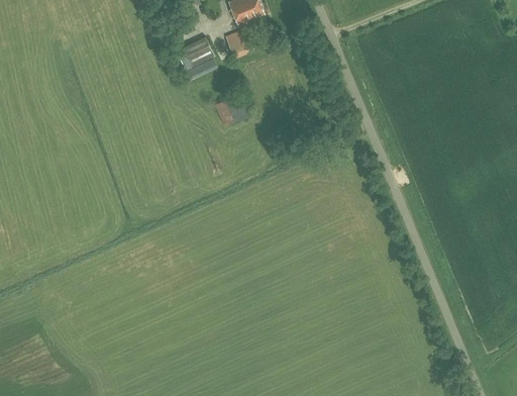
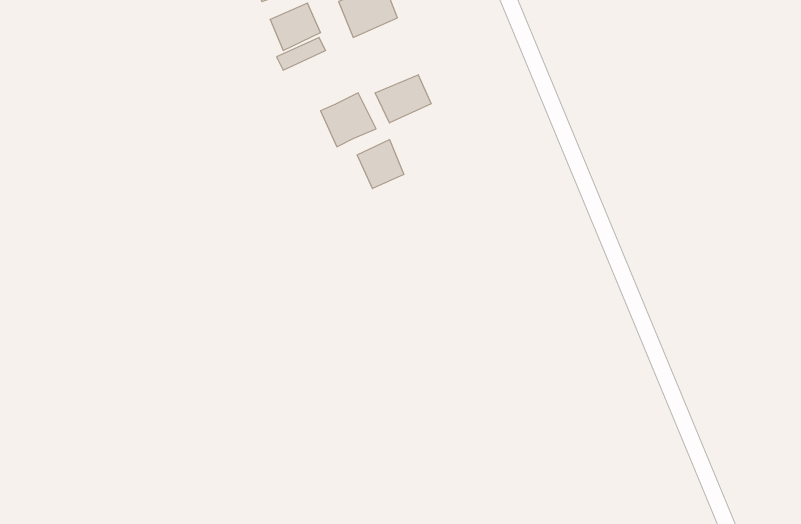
building: none -> [375,75,431,123]
building: none -> [357,140,404,189]

